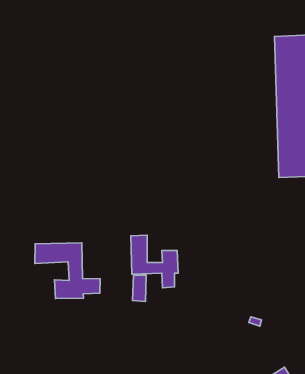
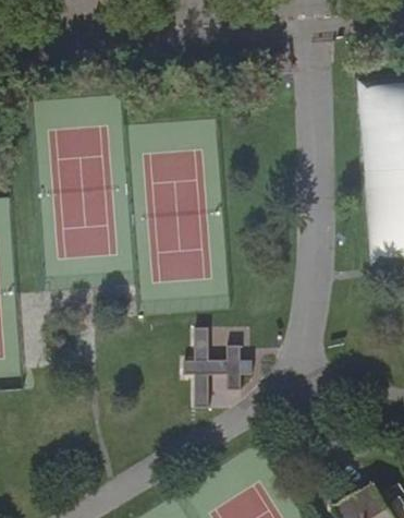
building: [35,243,100,298] -> none

